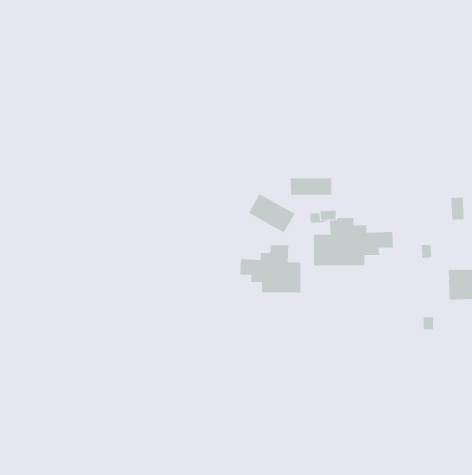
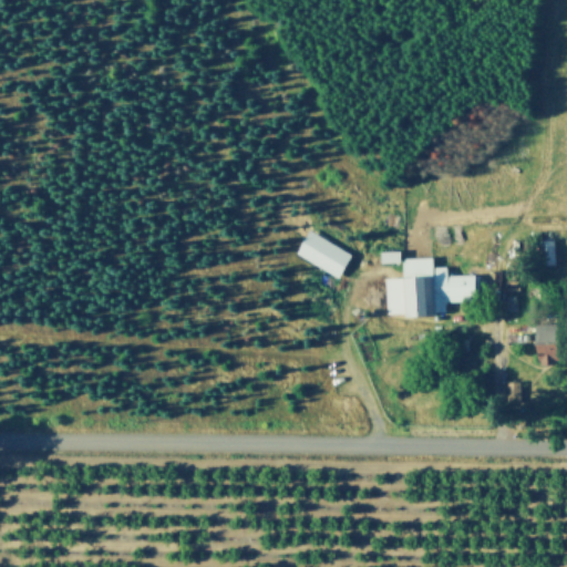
building: [290,178,332,196] -> none
building: [240,245,301,293] -> none

